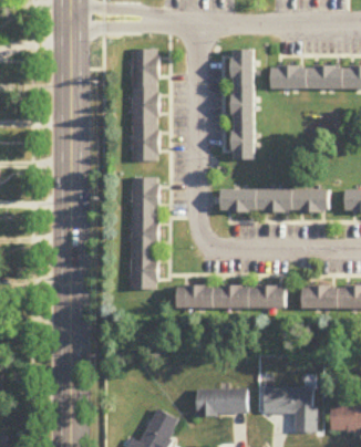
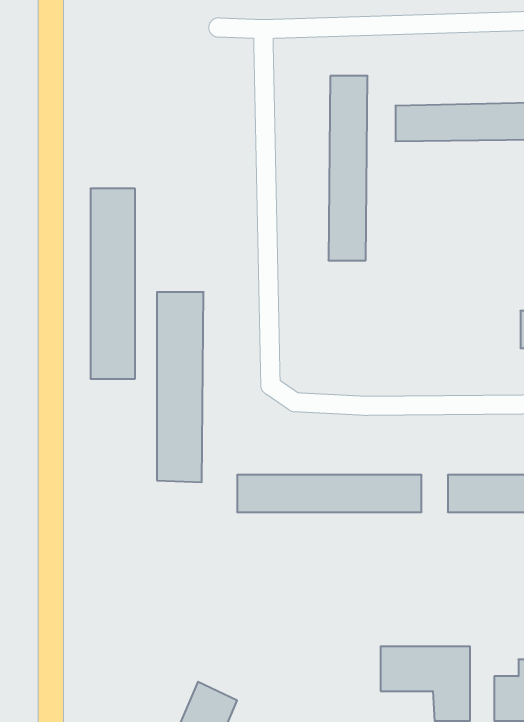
building: [131,48,157,160] -> [90,189,135,379]
building: [219,188,329,211] -> none
building: [195,388,247,415] -> none

